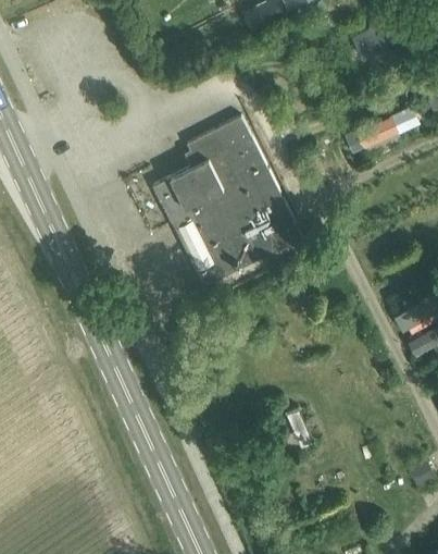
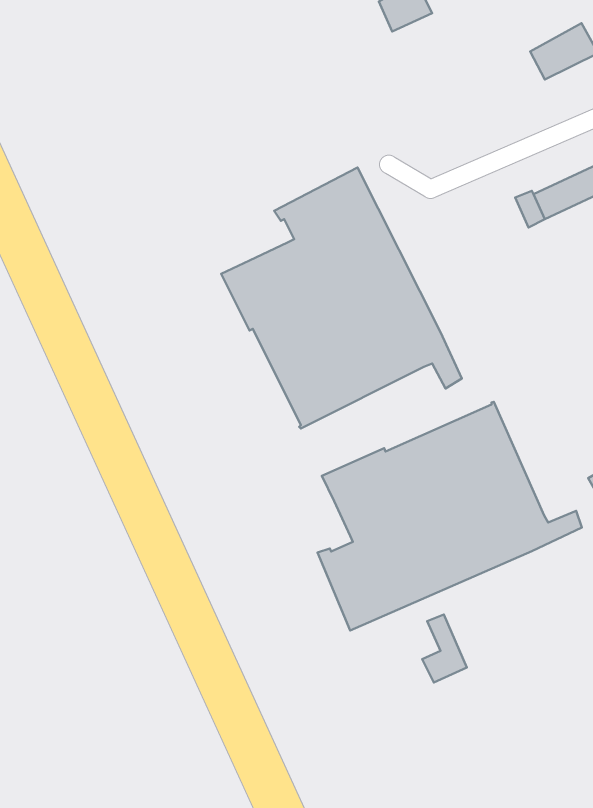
building: none -> [317,402,582,630]

